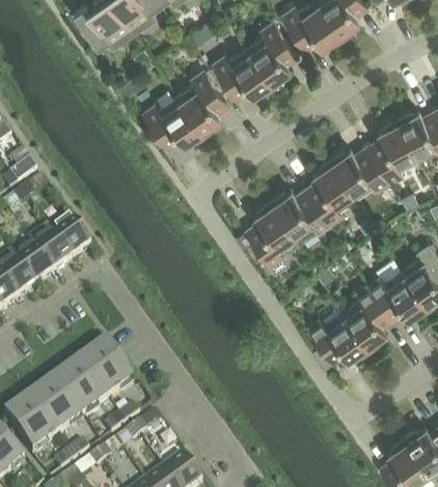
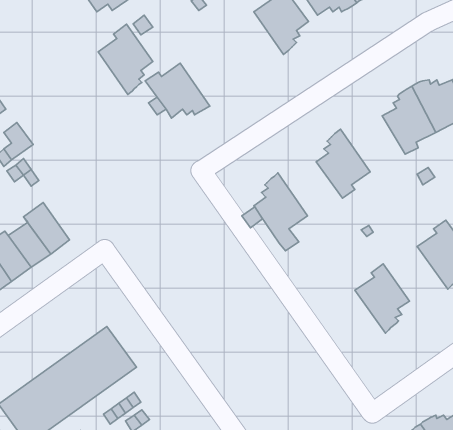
building: [214,47,275,98] -> none
building: [177,69,229,136] -> [98,24,153,94]
building: [329,145,390,198] -> none
building: [270,189,331,239] -> none
building: [48,213,91,262] -> none
building: [369,268,431,320] -> none
building: [309,310,372,362] -> none

